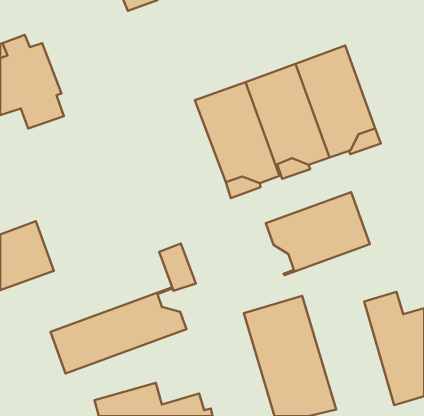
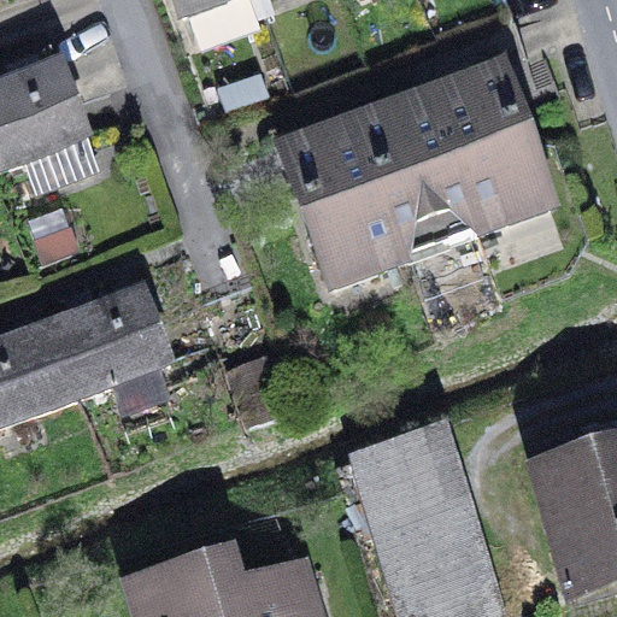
building: [266,192,370,275] -> none
building: none -> [52,288,171,394]
building: [50,288,186,374] -> none

